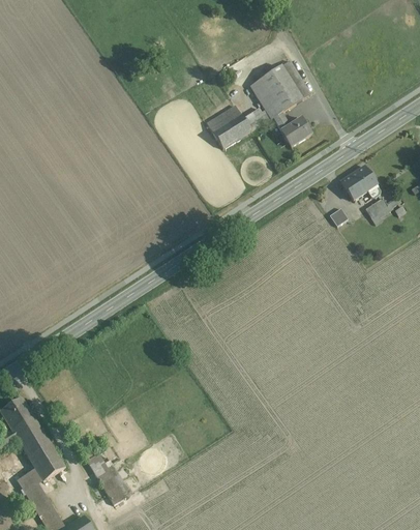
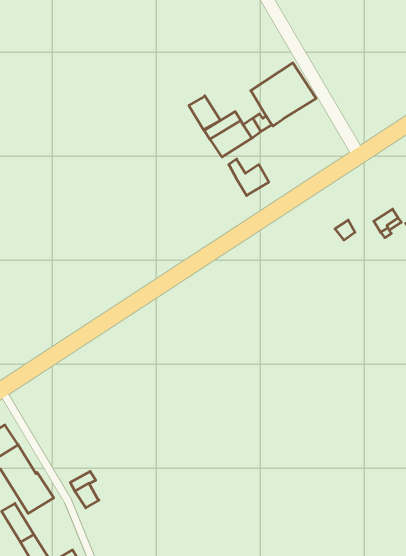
building: none -> [189,96,220,130]
building: [274,111,311,145] -> [229,159,269,196]
building: [341,165,381,199] -> none
building: [96,464,129,504] -> none

